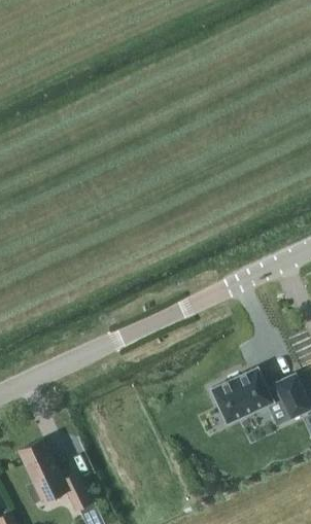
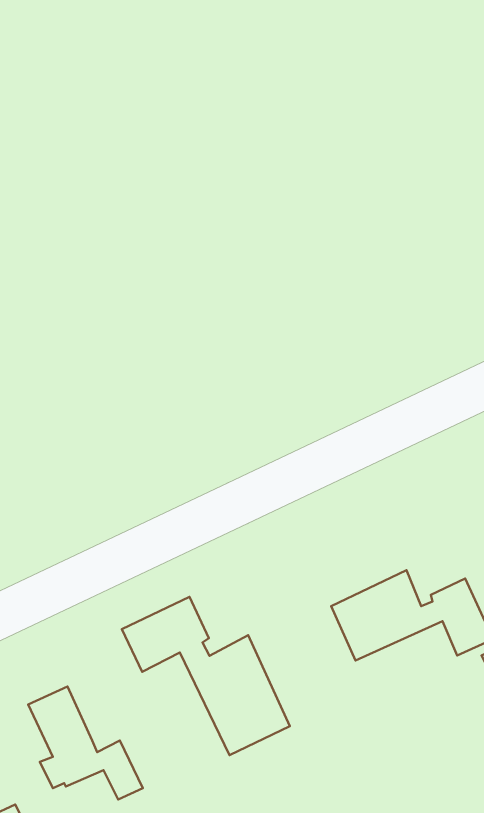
building: none -> [122,597,290,755]

